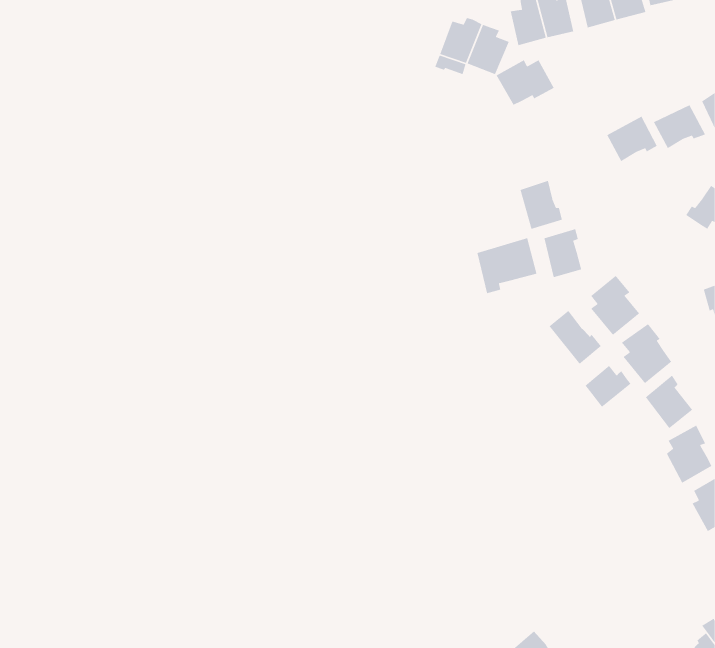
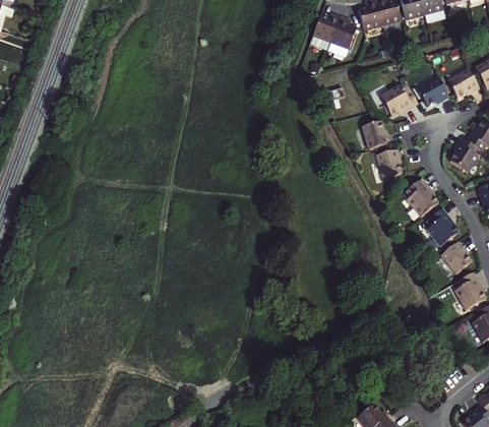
building: [495,59,555,106] -> [380,84,418,114]
building: none -> [450,137,478,171]
building: [477,237,538,294] -> none
building: [549,310,602,365] -> none
building: [584,365,632,408] -> none

